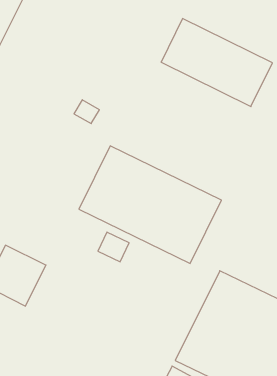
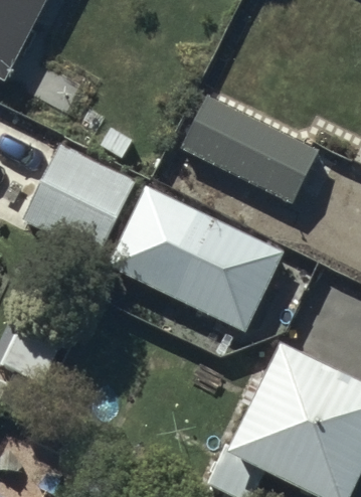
building: [161,19,272,107] -> [181,97,317,204]
building: none -> [27,147,133,252]

